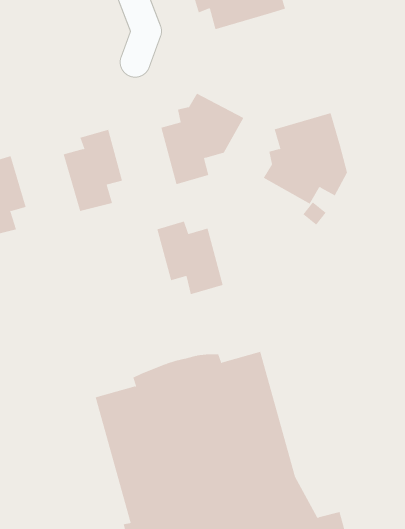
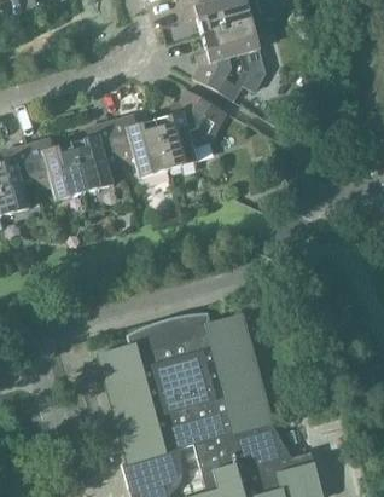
building: [263,112,348,205] -> [192,21,266,100]
building: none -> [25,138,85,201]
building: [157,221,224,295] -> [110,114,168,178]

